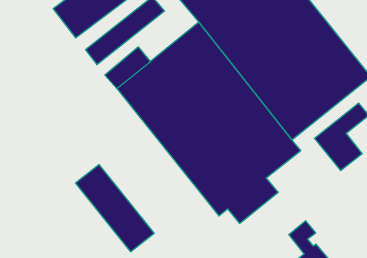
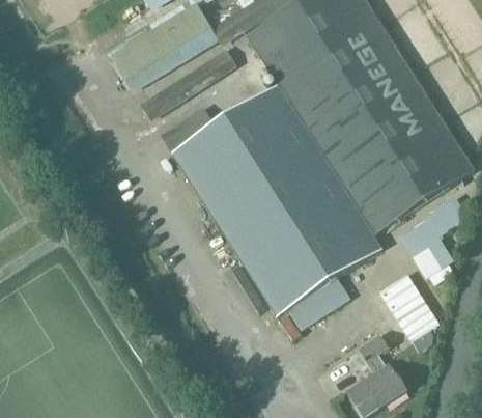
building: [76,165,154,252] -> none
building: none -> [379,275,441,343]

